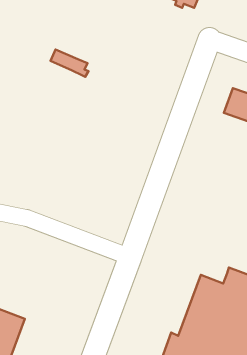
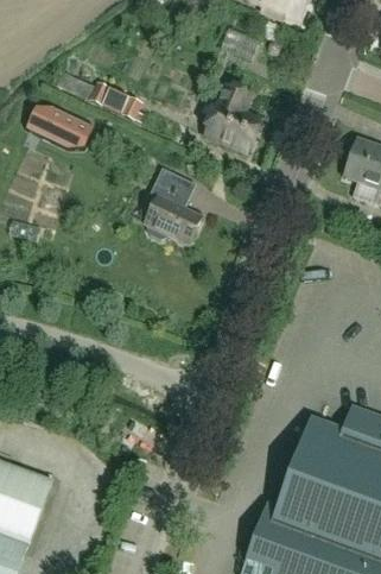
building: none -> [204,84,258,150]
building: none -> [25,105,93,147]
building: none -> [144,166,201,244]

